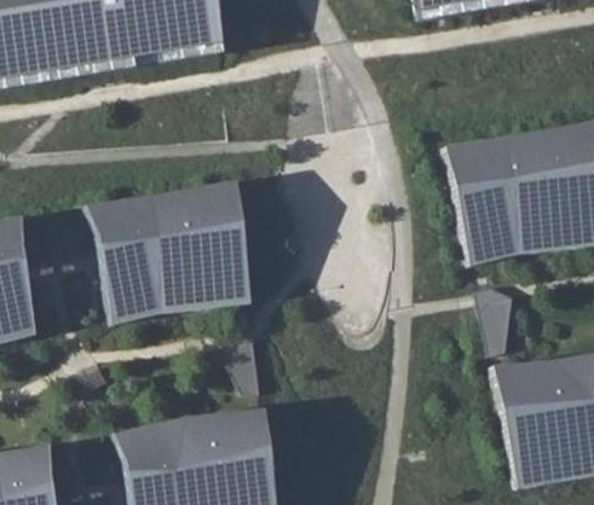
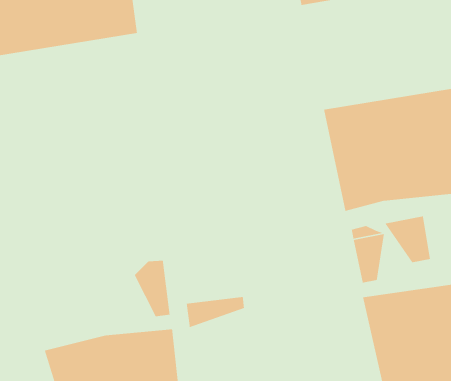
building: [85,176,250,321] -> none
building: none -> [384,216,431,263]
building: none -> [186,296,245,328]

